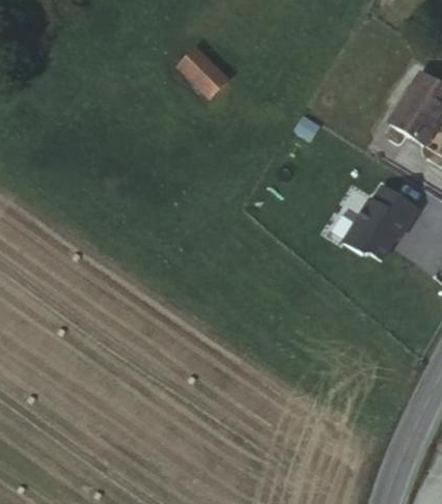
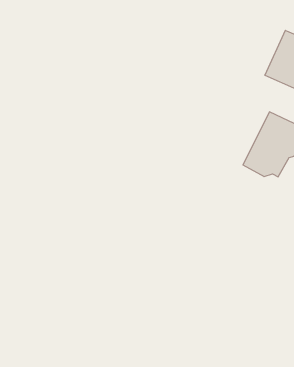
building: [179,43,225,91] -> none

